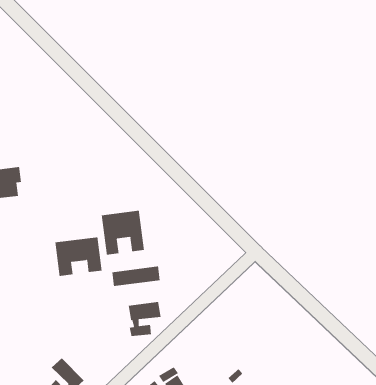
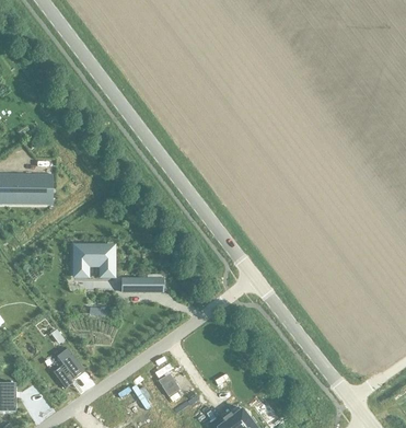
building: [101,210,144,255] -> none
building: [128,301,161,337] -> none

